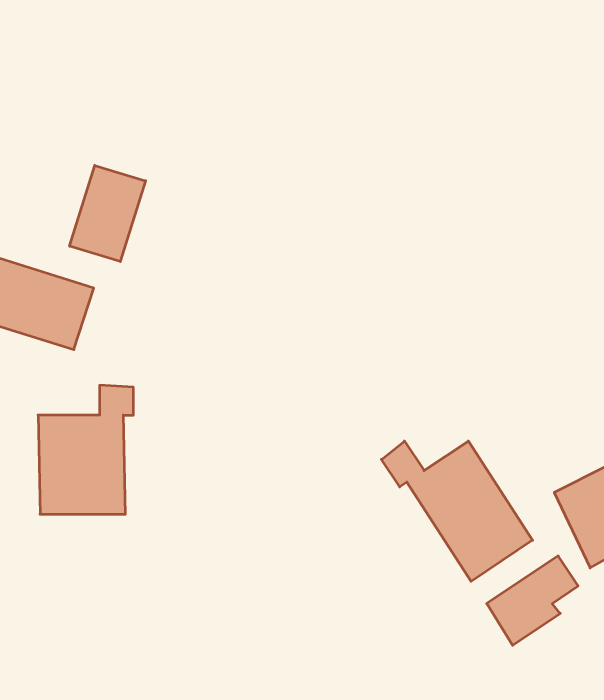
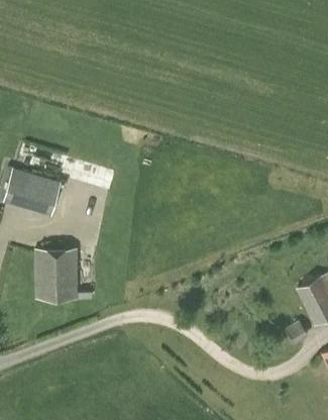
building: [70,165,146,262] -> none
building: [381,441,533,581] -> none

